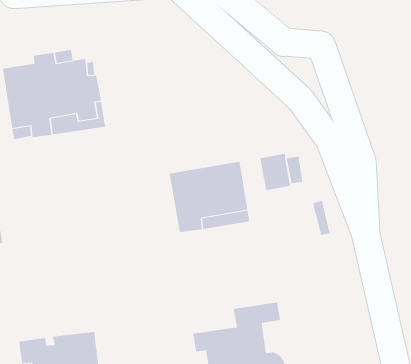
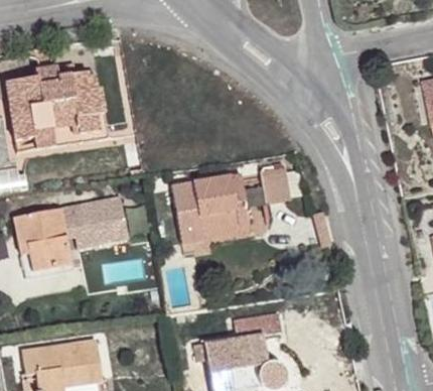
building: none -> [14,194,130,275]

